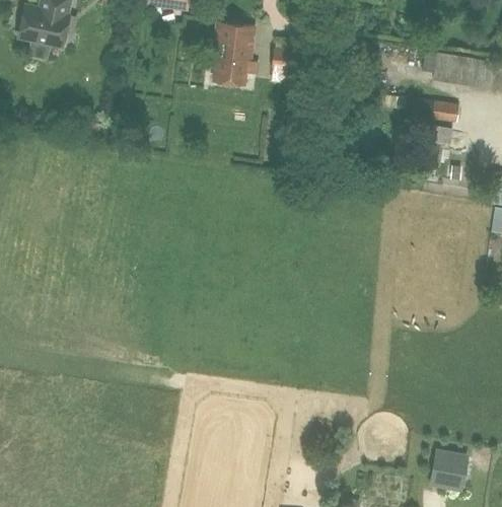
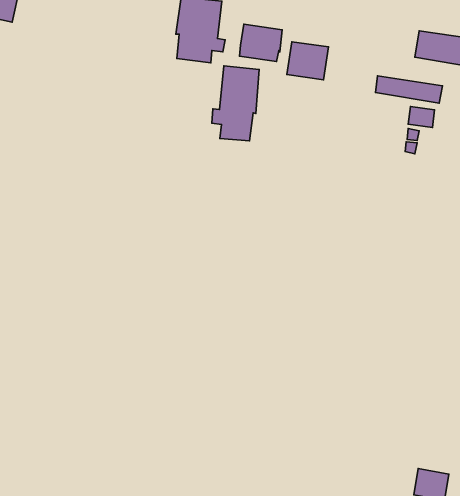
building: none -> [287,42,329,80]
building: none -> [212,66,259,141]

